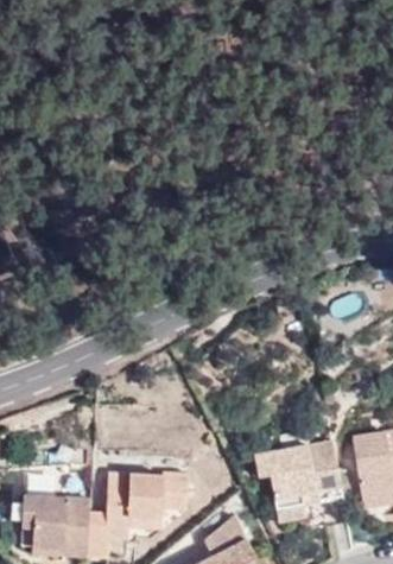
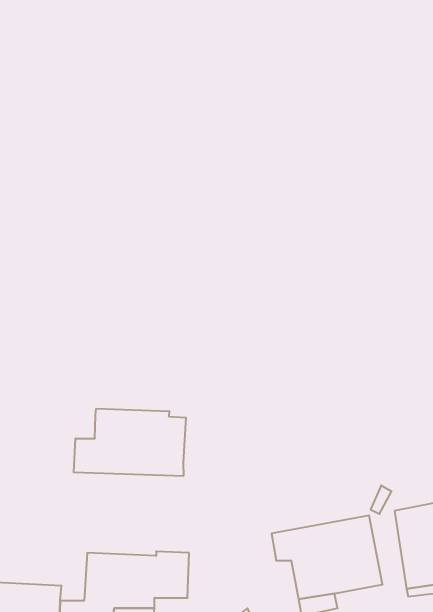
building: none -> [74,409,186,476]

